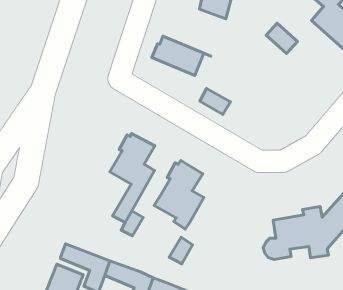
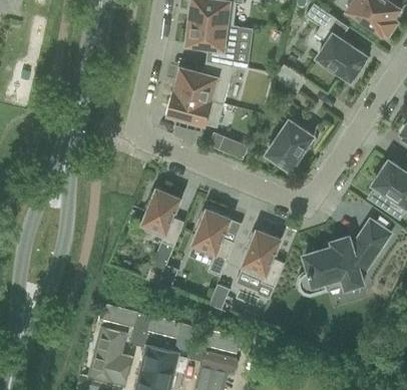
building: none -> [174,60,234,104]
building: none -> [267,120,314,170]
building: none -> [241,231,285,288]

